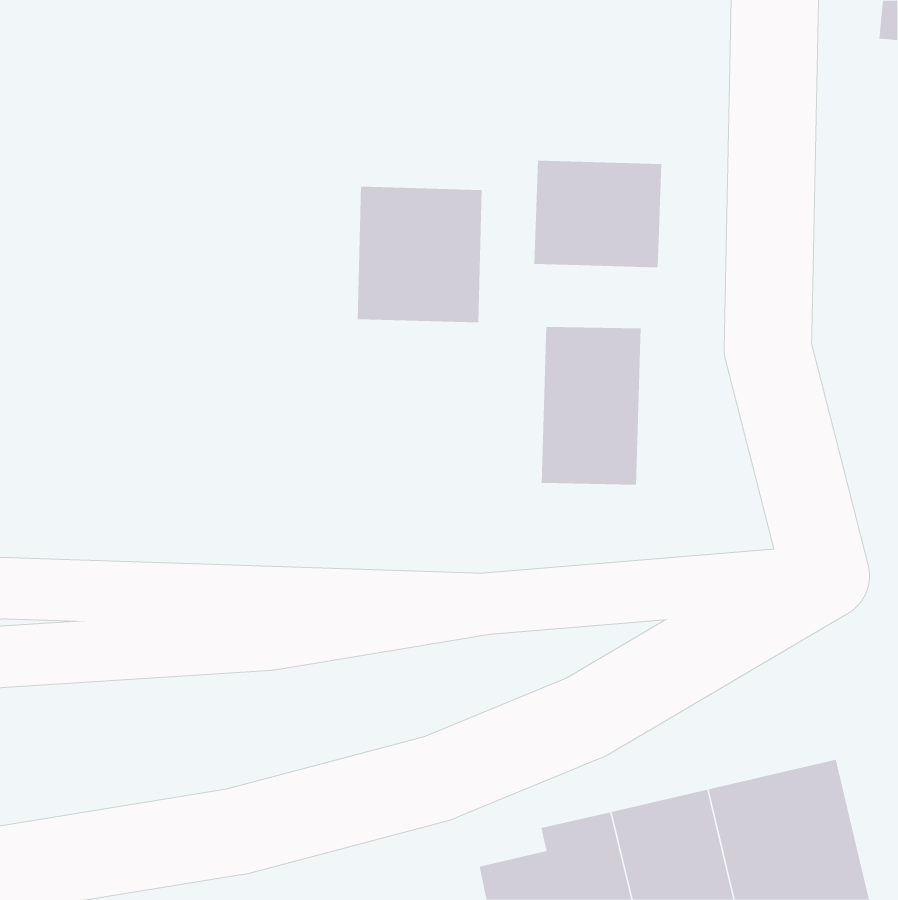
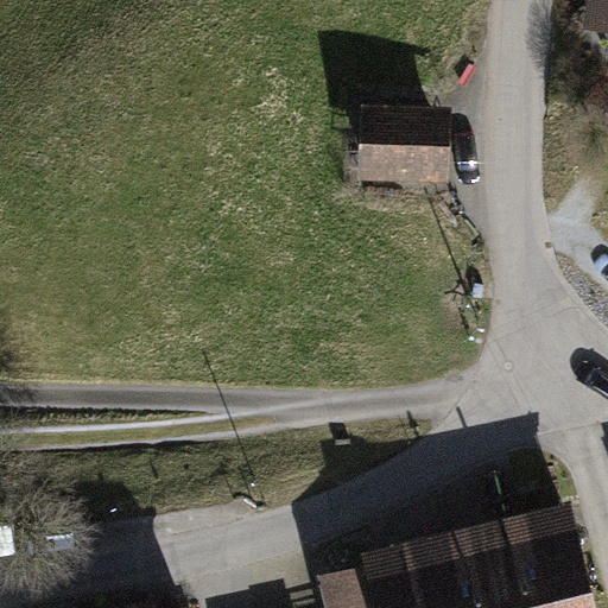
building: [357,186,482,323] -> none
building: [541,326,641,485] -> none

